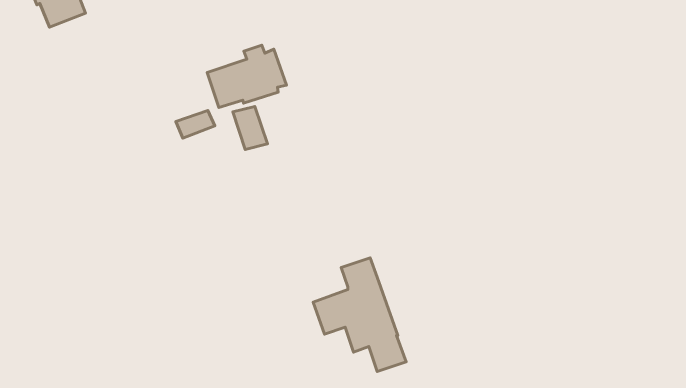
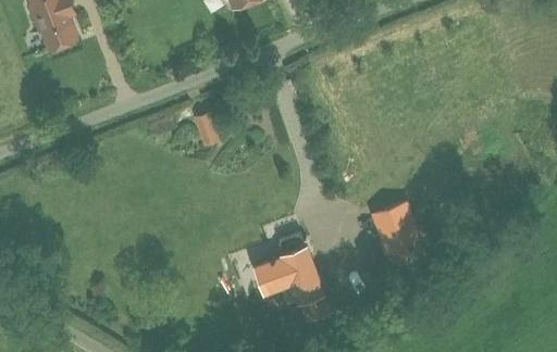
building: [207,45,286,108] -> none
building: none -> [373,203,424,265]

